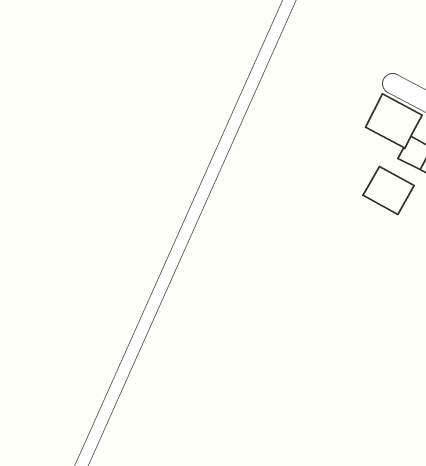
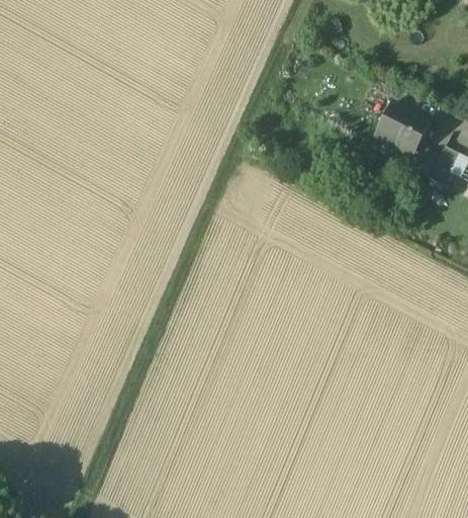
building: [363,167,414,215] -> none

